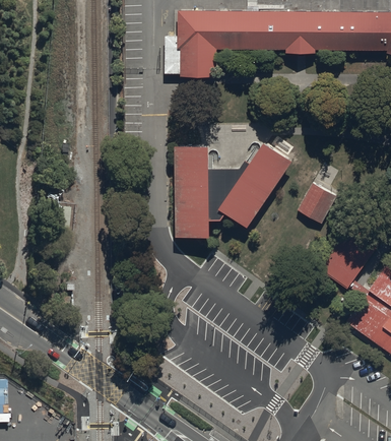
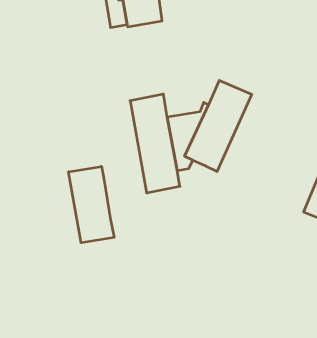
building: [301,183,338,223] -> none
building: none -> [69,166,114,243]

